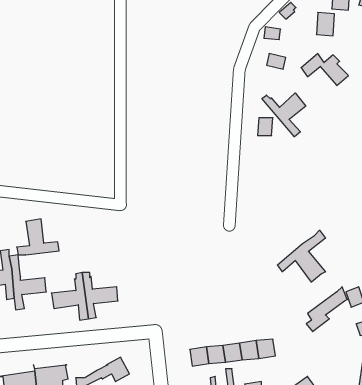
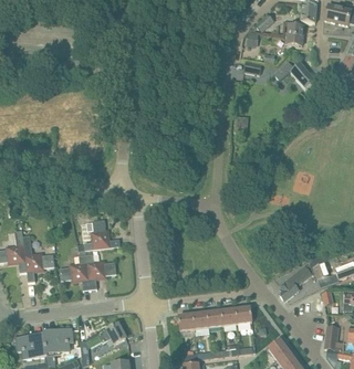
building: [262,93,306,137] -> none
building: [17,219,59,255] -> [83,219,119,250]
building: [277,230,326,282] -> none

